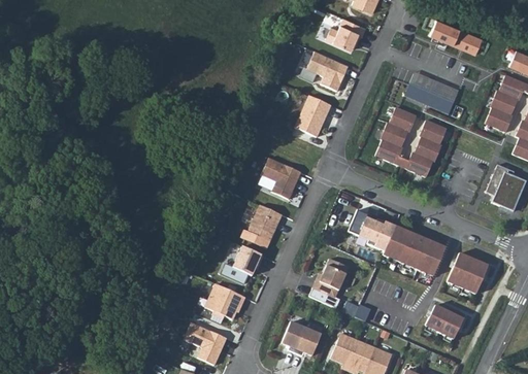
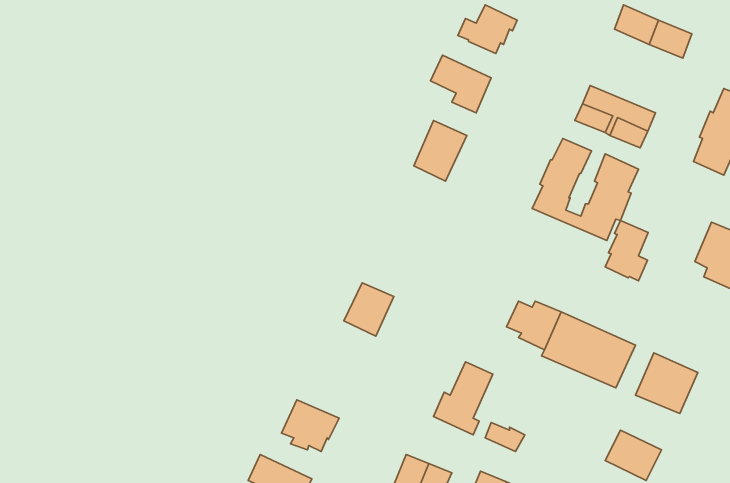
building: [262,158,303,202] -> none
building: none -> [605,221,648,281]
building: [222,246,263,282] -> none

